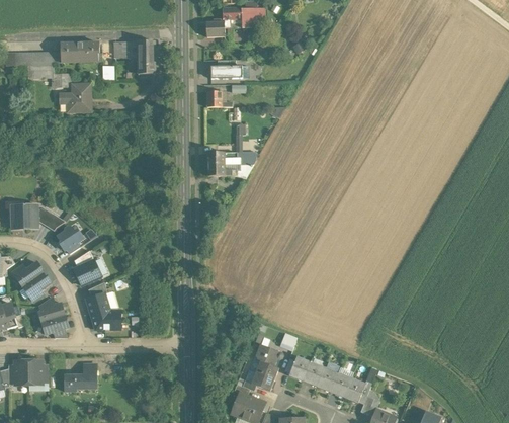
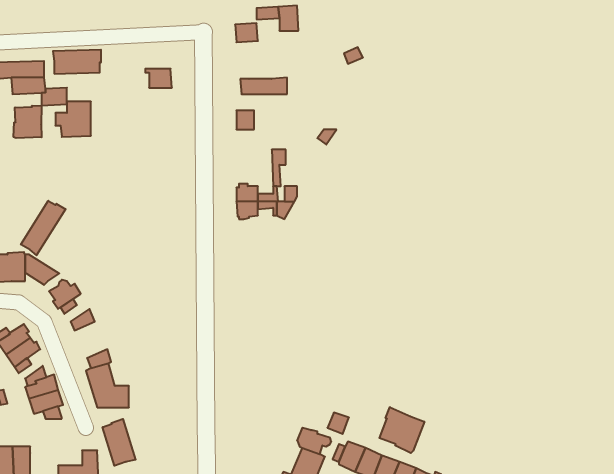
building: [121,39,154,57] -> none
building: none -> [14,105,42,138]
building: none -> [21,201,66,255]
building: [73,259,100,284] -> none
building: none -> [379,407,424,453]
building: none -> [103,419,136,466]

